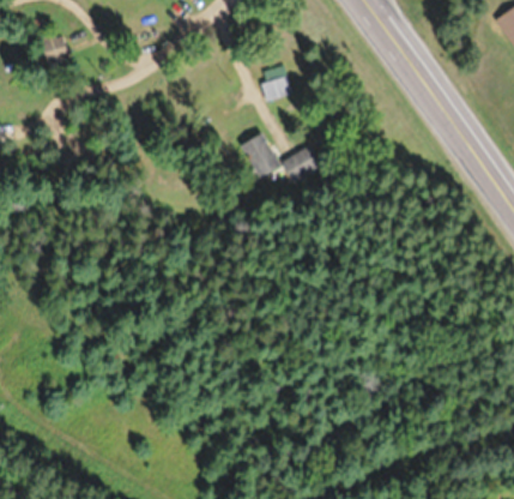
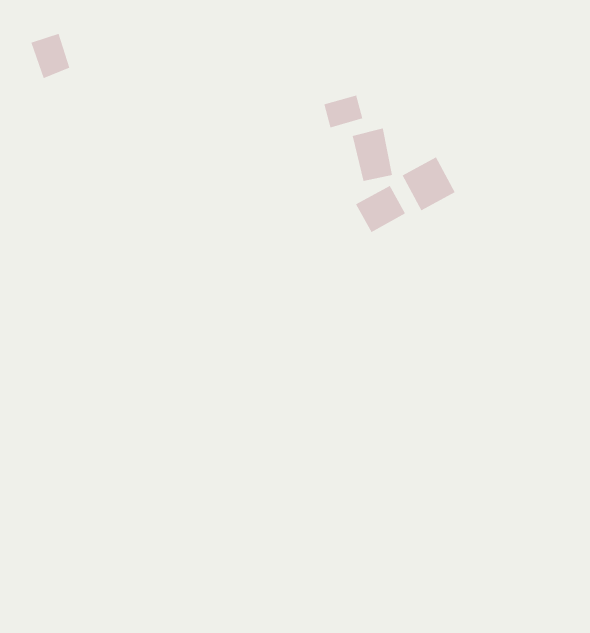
building: none -> [402,156,456,211]
building: [243,132,274,173] -> [352,128,393,182]

